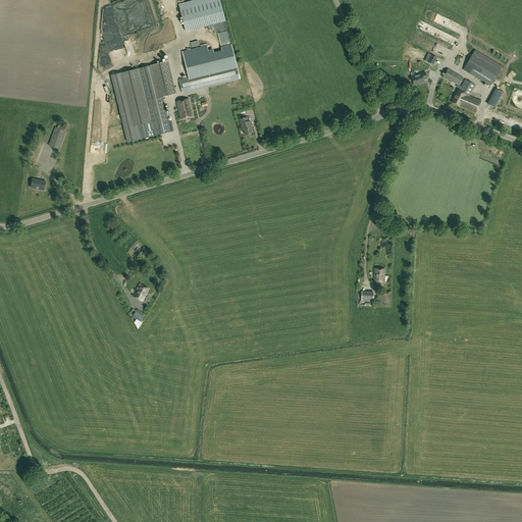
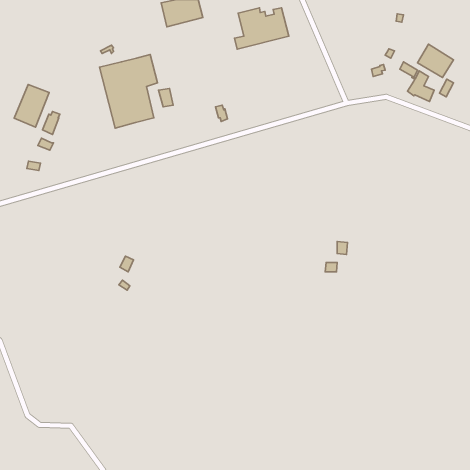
building: [178,46,239,92] -> [234,8,289,49]
building: none -> [14,84,49,127]

